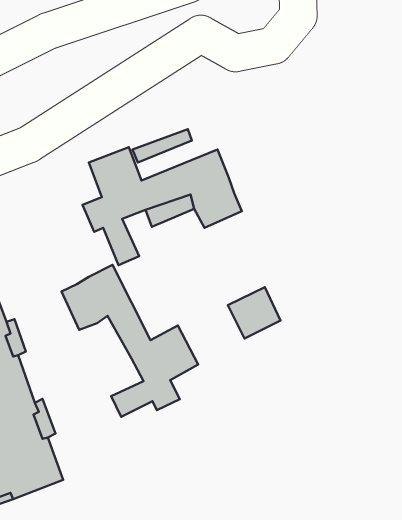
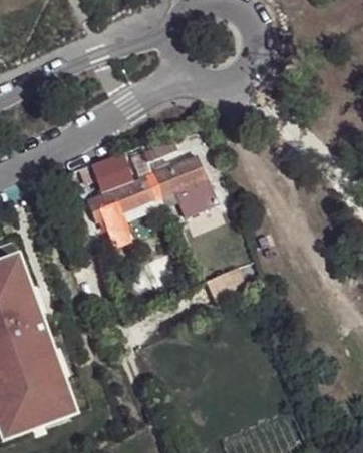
building: [62,265,198,417] -> none

